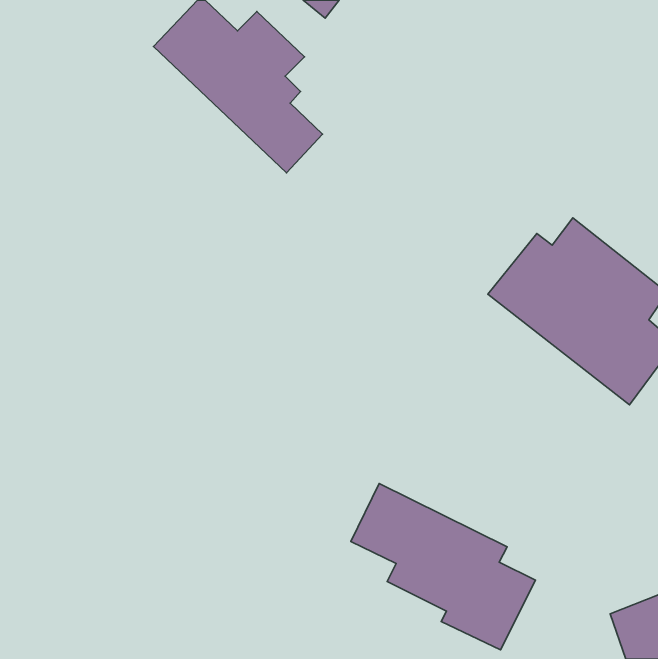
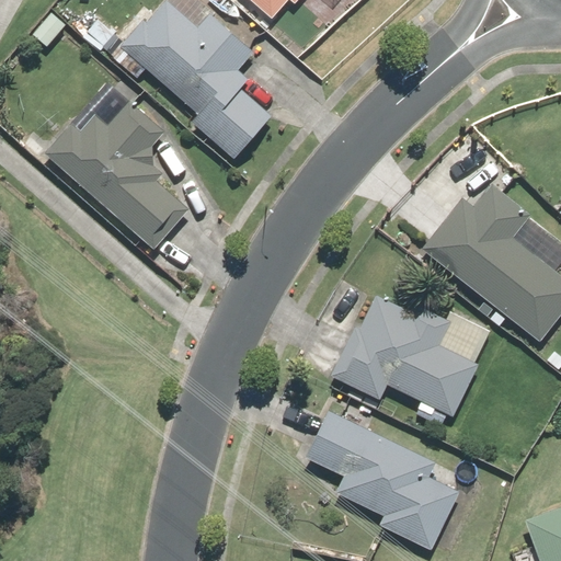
building: none -> [49,96,193,245]
building: none -> [325,297,492,432]

